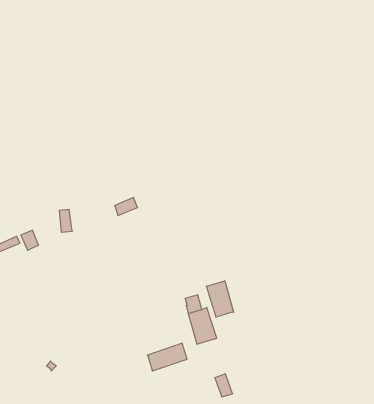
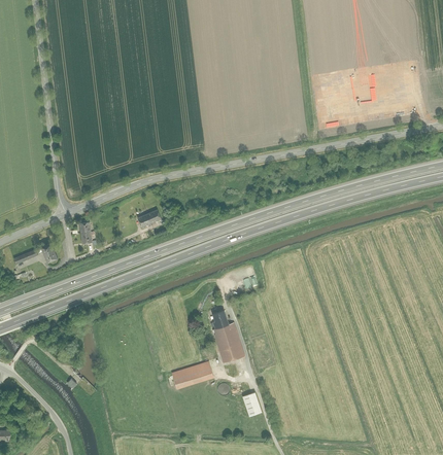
building: [206,281,234,317] -> none

